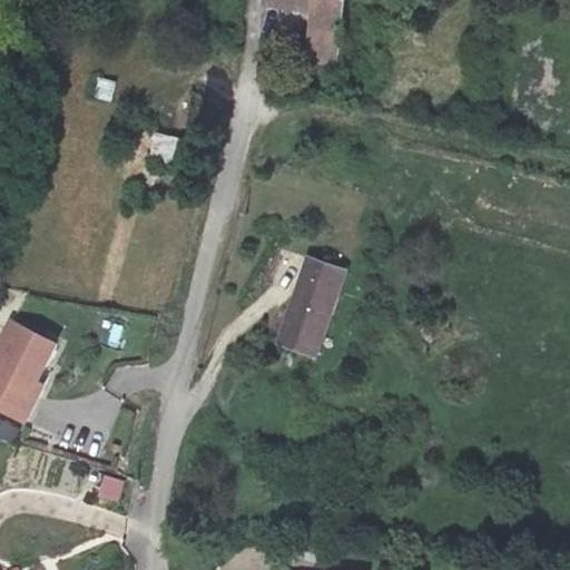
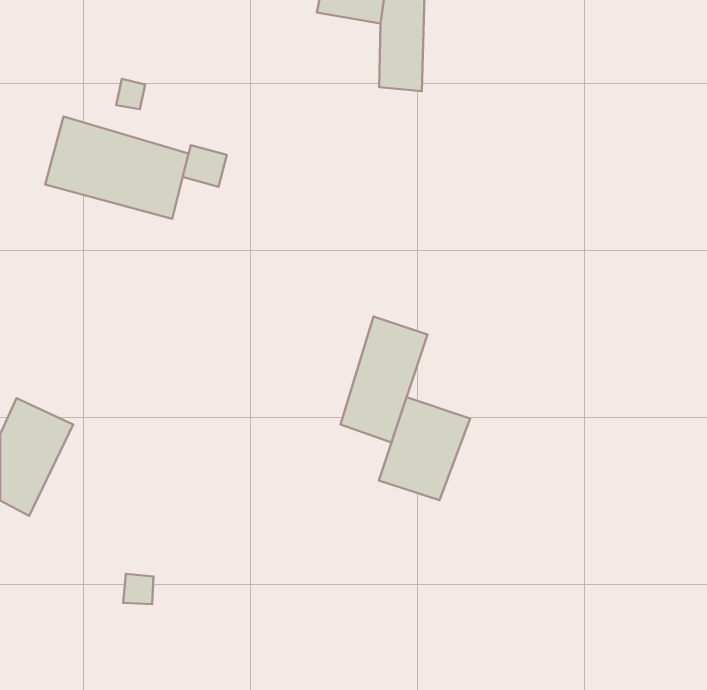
building: none -> [45,116,189,219]
building: none -> [379,397,470,500]

